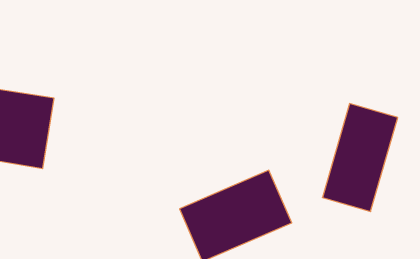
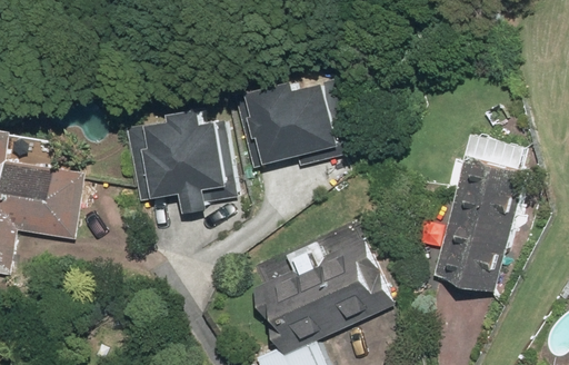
building: none -> [242,75,336,165]
building: none -> [137,111,236,211]

